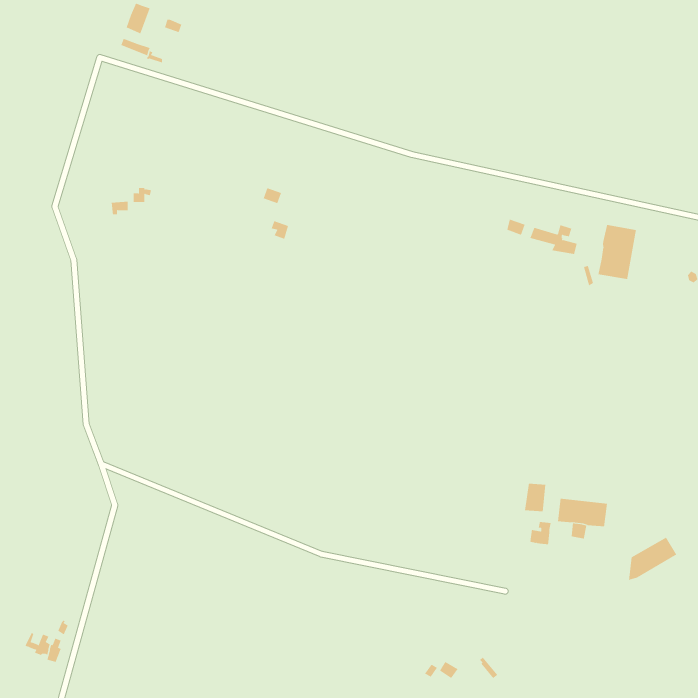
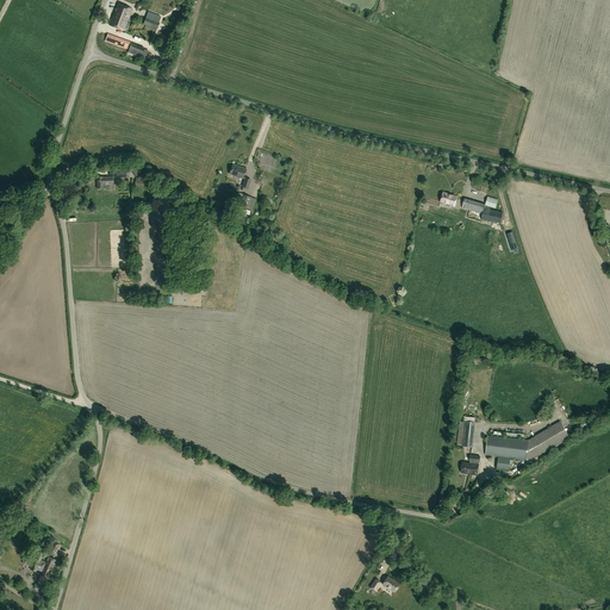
building: [598,224,637,280] -> none
building: [628,537,677,581] -> [528,421,571,459]

